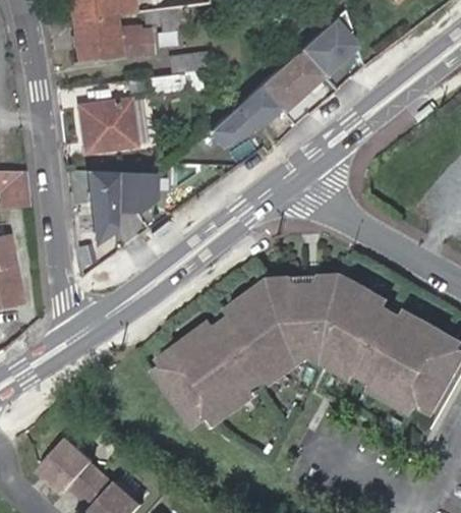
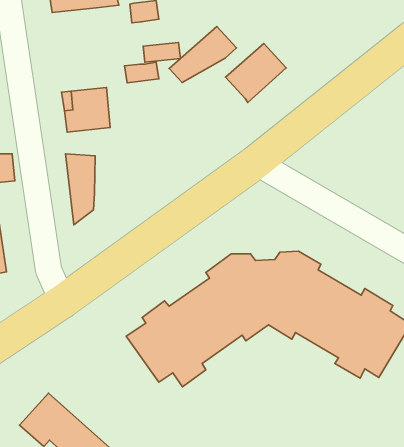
building: [71,13,151,63] -> none
building: [301,19,359,78] -> none
building: [208,89,281,150] -> [169,26,236,83]
building: [117,174,158,216] -> none

